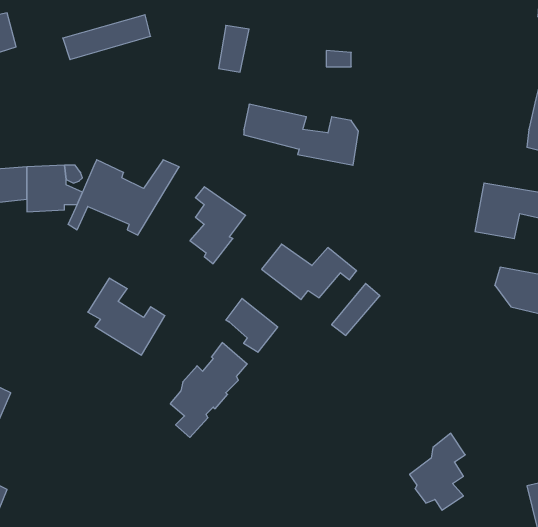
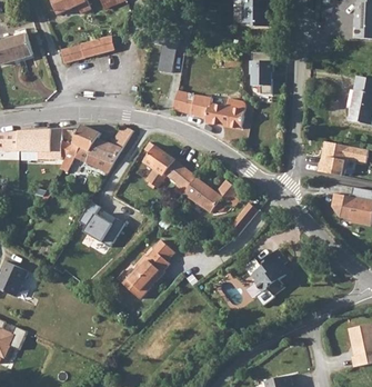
building: none -> [248,60,270,85]
building: [226,298,278,352] -> [164,160,197,194]
building: [410,433,465,510] -> [252,248,286,296]

